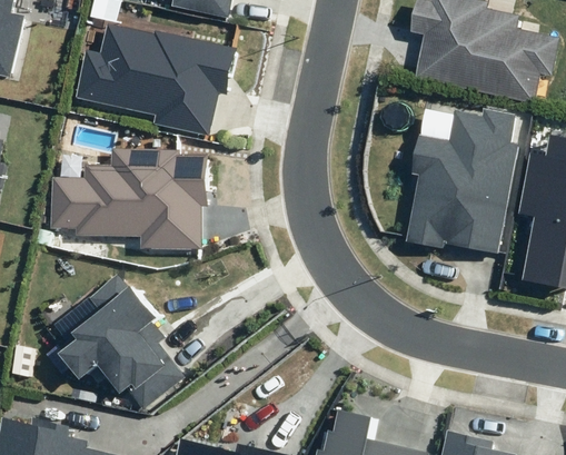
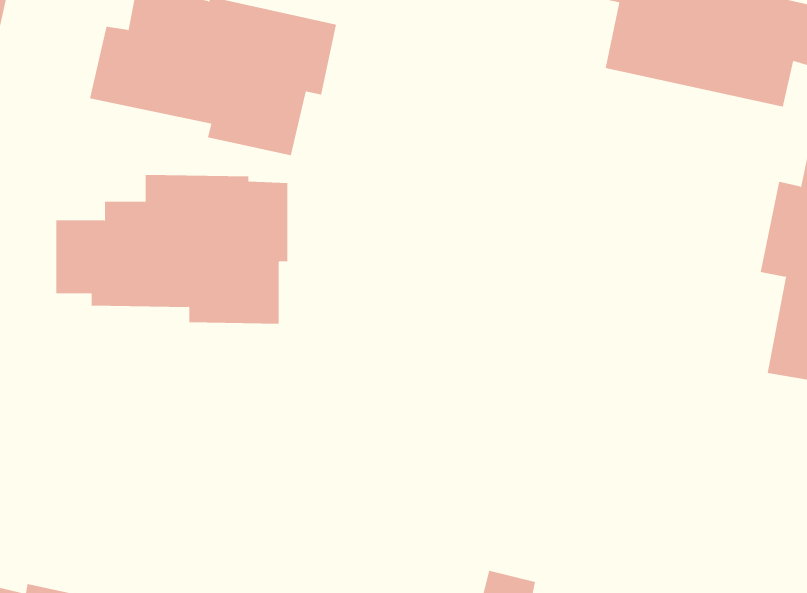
building: [405,107,518,253] -> none
building: [51,270,185,409] -> none

